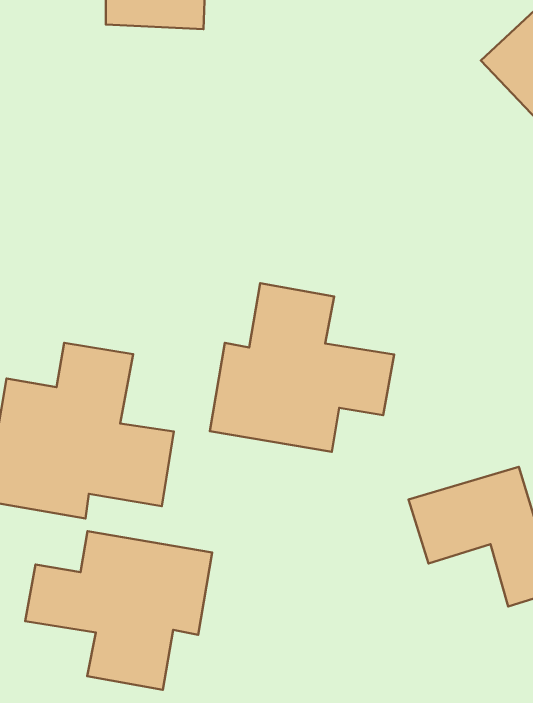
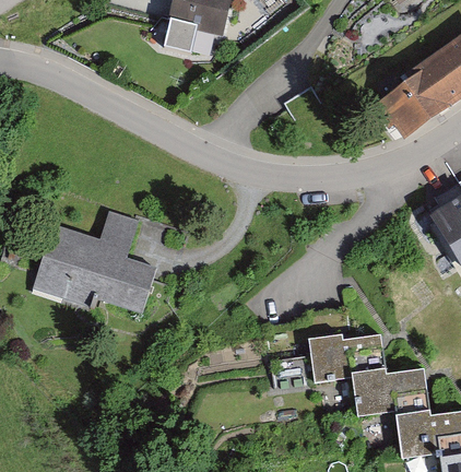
building: [210,283,394,452] -> none
building: [25,531,212,690] -> none

